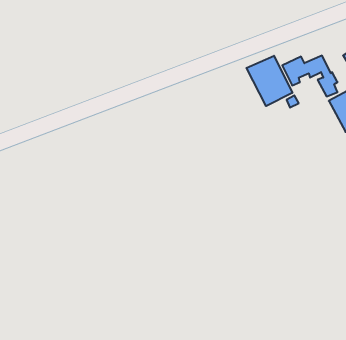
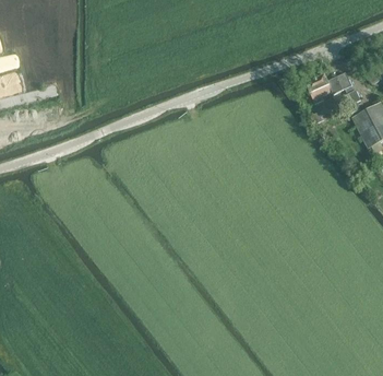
building: [246,56,292,106] -> none

